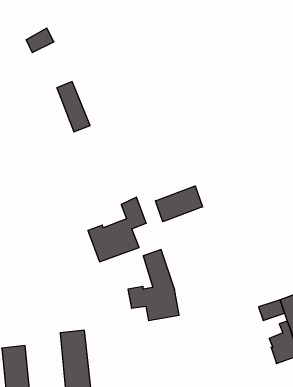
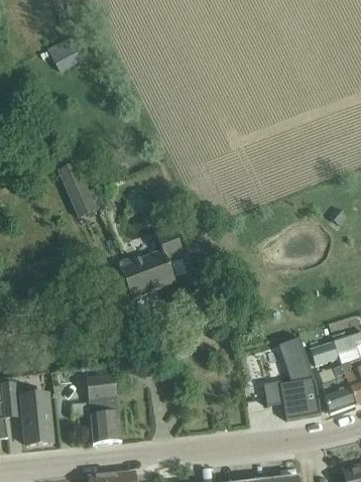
building: [57,82,90,132] -> [58,161,96,218]
building: [155,186,203,222] -> none
building: [128,250,179,321] -> [263,340,321,419]

